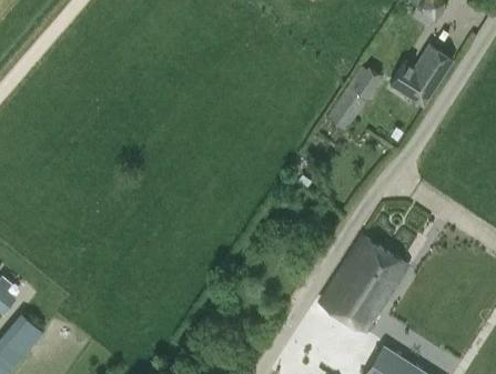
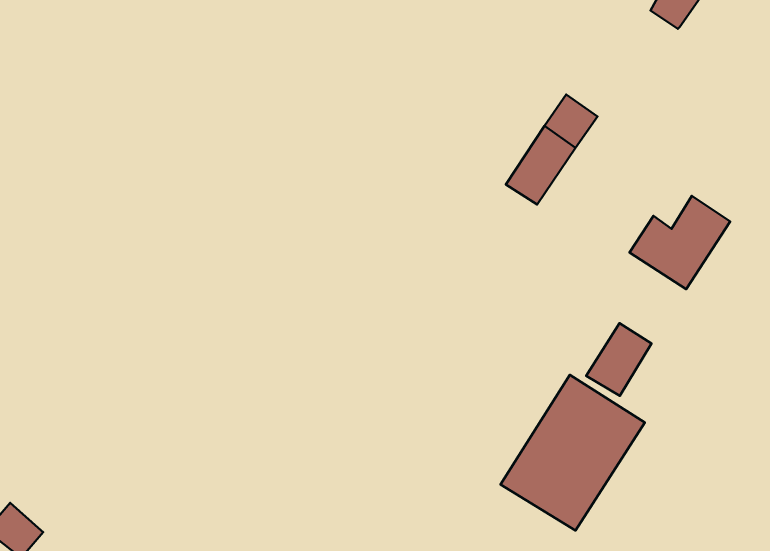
building: [389,49,451,105] -> [630,196,730,289]
building: none -> [586,323,652,396]

